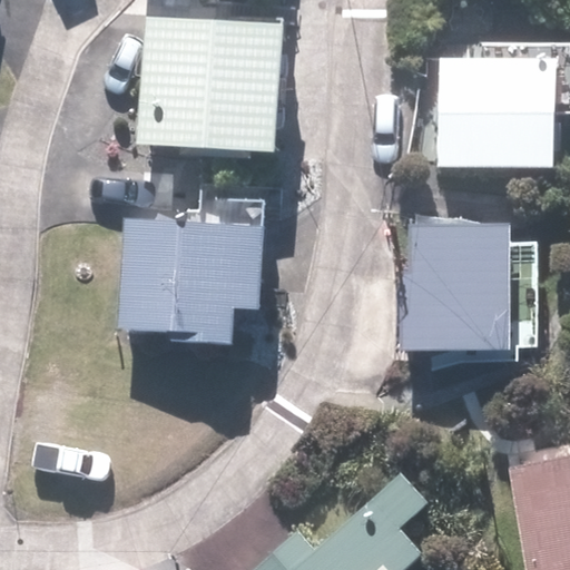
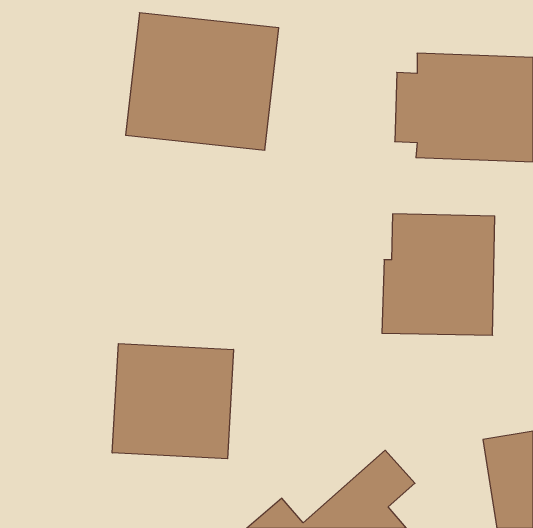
building: [121,215,268,346] -> none
building: none -> [112,344,233,459]

